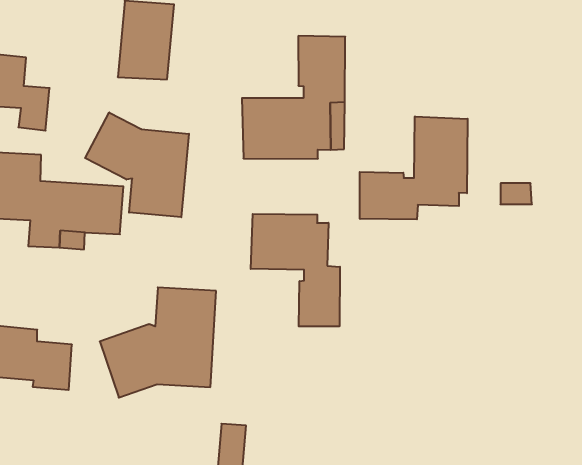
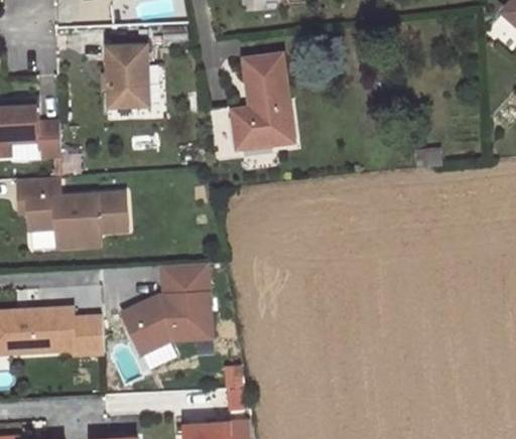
building: [85,112,189,217] -> none
building: [360,116,468,219] -> none
building: [251,214,340,326] -> none

